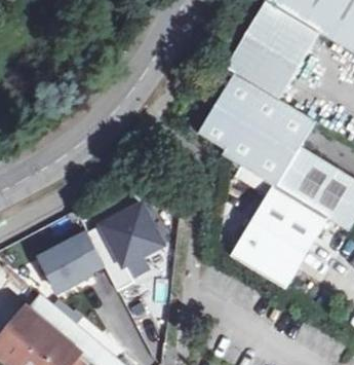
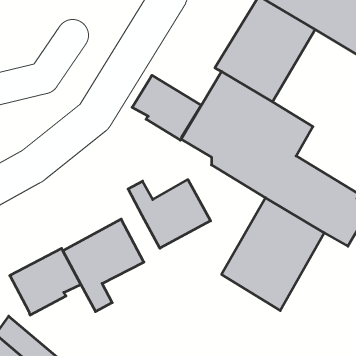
building: none -> [132,75,201,140]
building: none -> [128,180,211,248]

